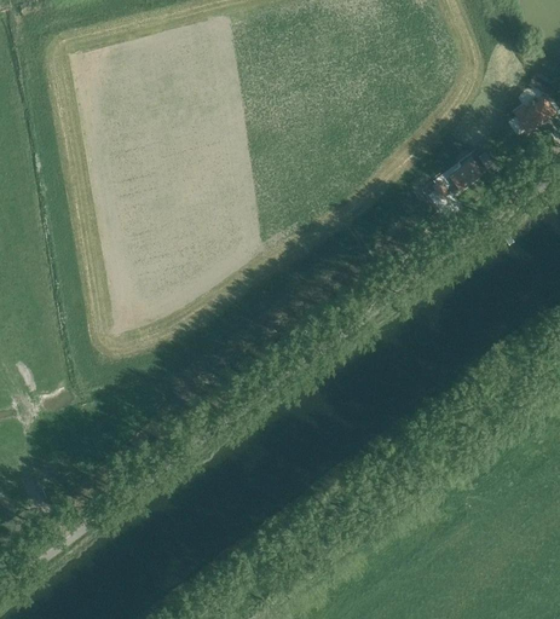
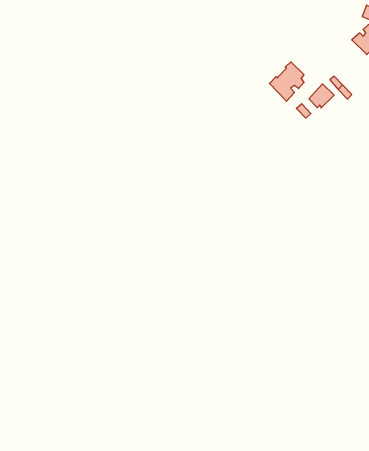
building: none -> [269,62,304,101]

